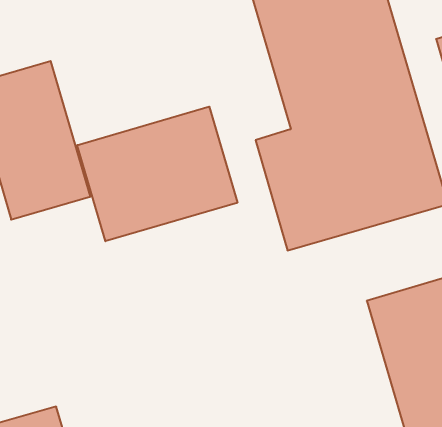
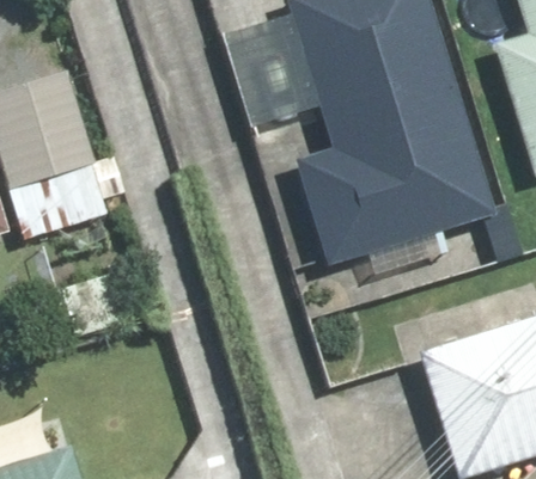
building: [77,107,237,241] -> none

